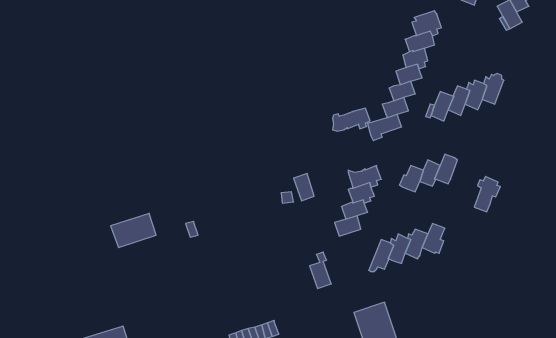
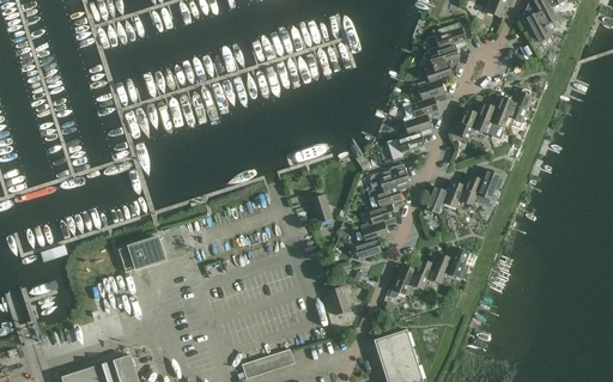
building: [333,108,370,131] -> [370,169,409,193]
building: [474,176,500,212] -> [475,168,503,205]

